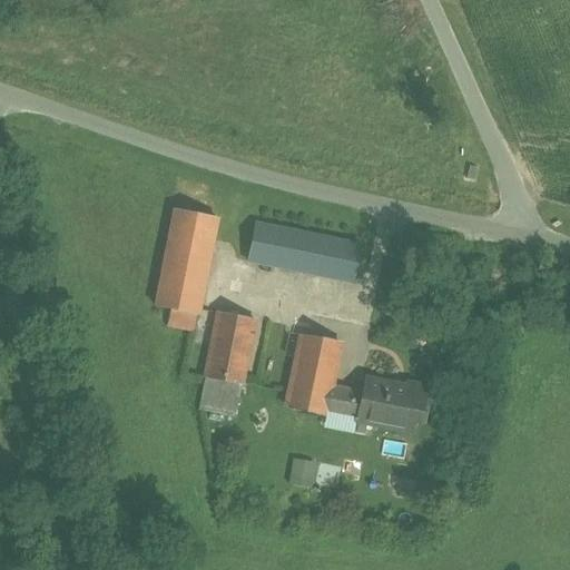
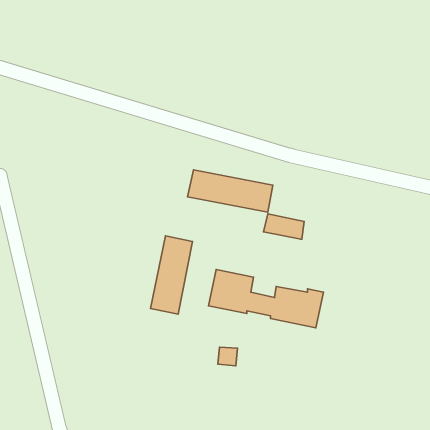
building: [157,208,219,330] -> none
building: [287,332,341,365] -> [264,214,304,239]

